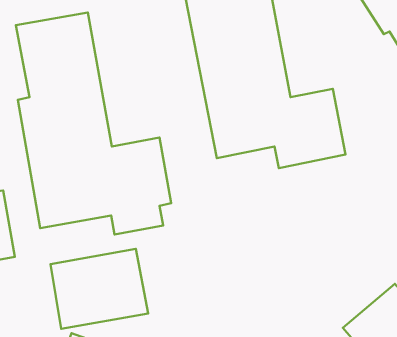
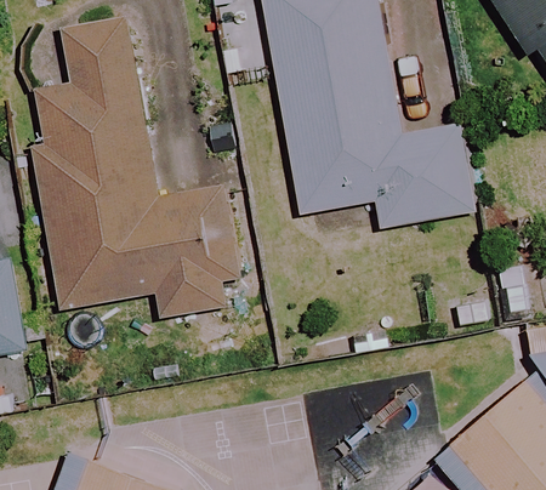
building: [50,249,148,329] -> none

